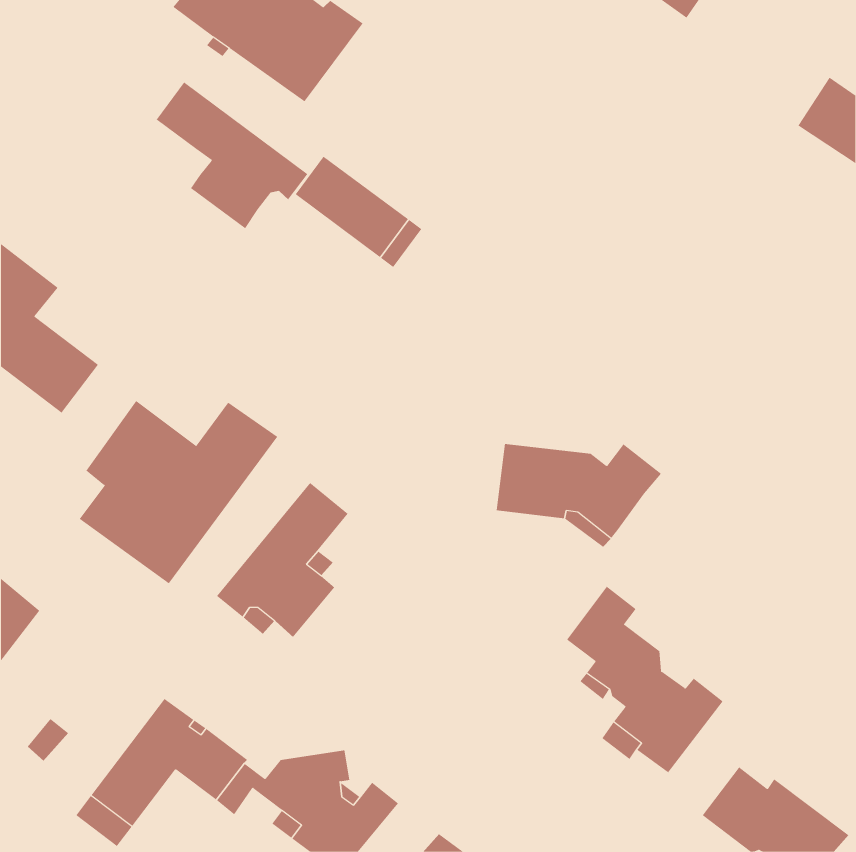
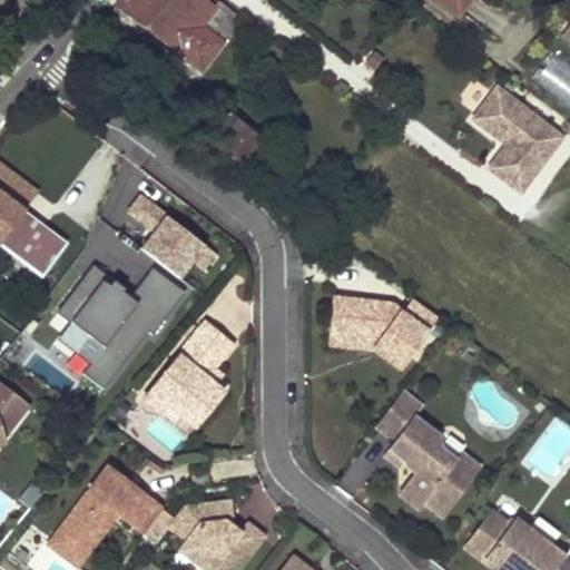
building: [156,82,308,229] -> none
building: none -> [471,85,561,189]
building: none -> [125,198,220,288]

